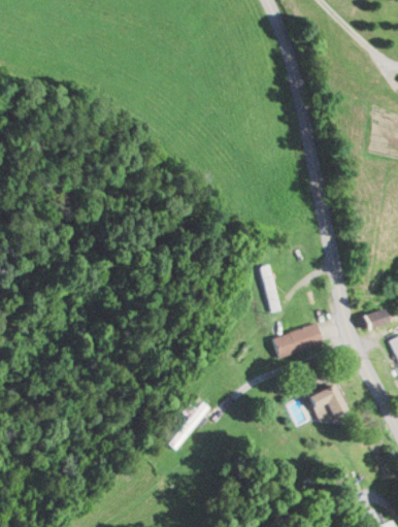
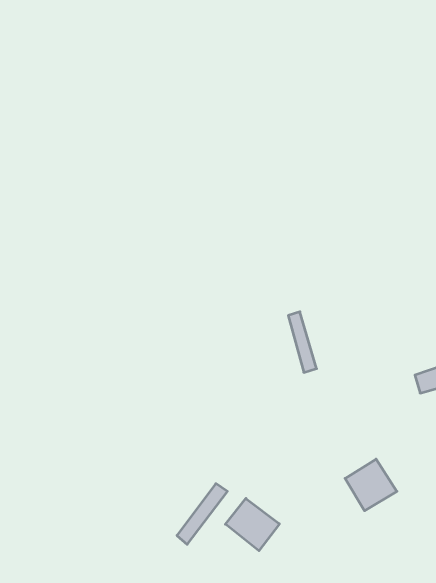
building: [273,325,324,358] -> none
building: none -> [225,498,279,551]

